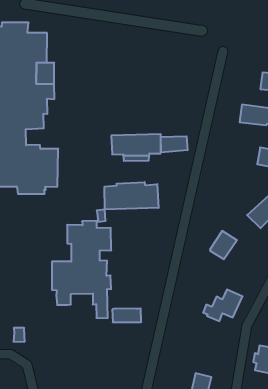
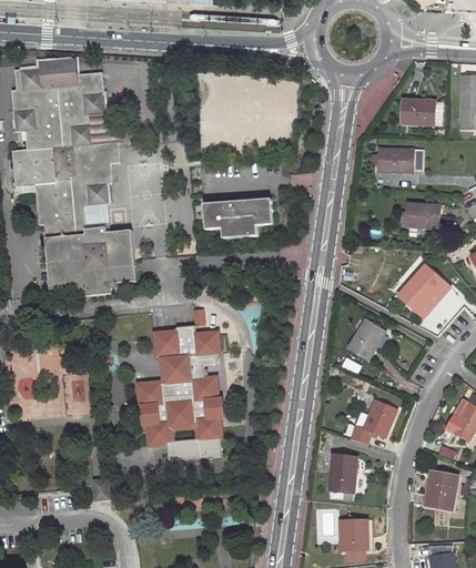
building: [161,136,187,152] -> none
building: [105,182,159,209] -> none
building: [112,308,141,322] -> [162,437,203,459]
building: none -> [332,455,361,495]

